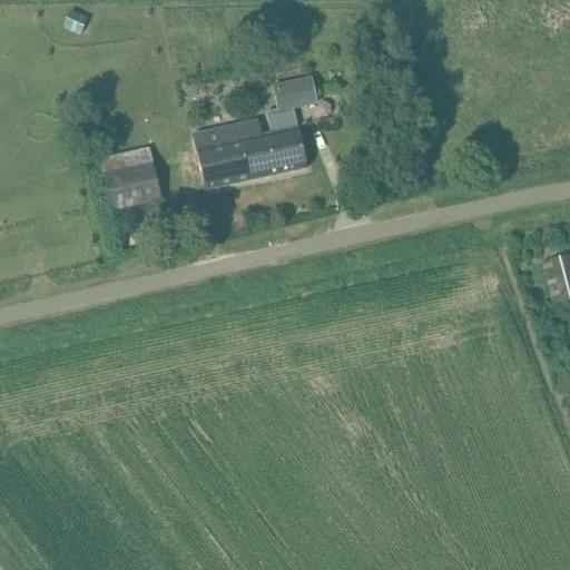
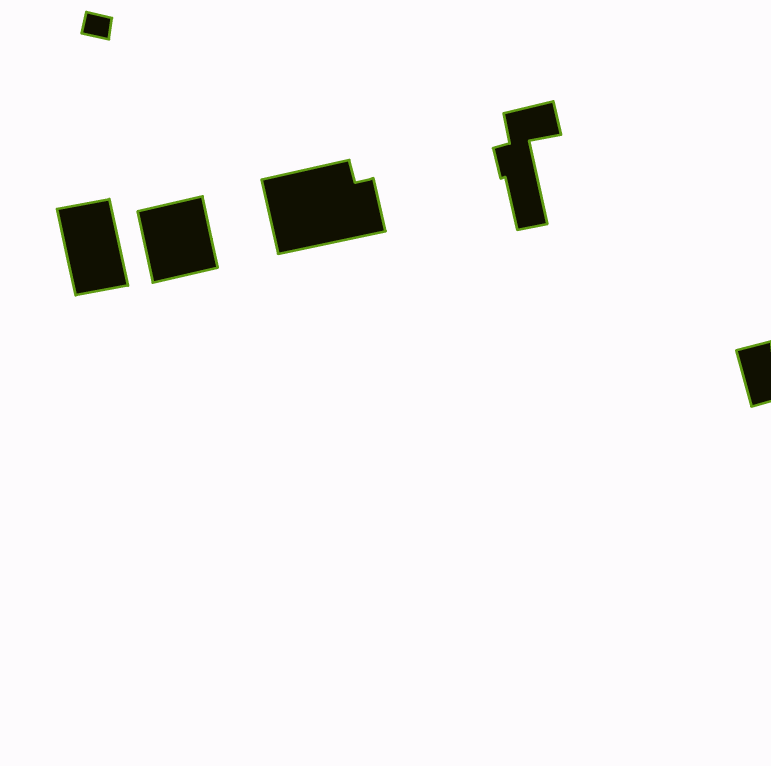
building: [267,76,317,170] -> [493,101,561,230]
building: none -> [57,199,128,295]

